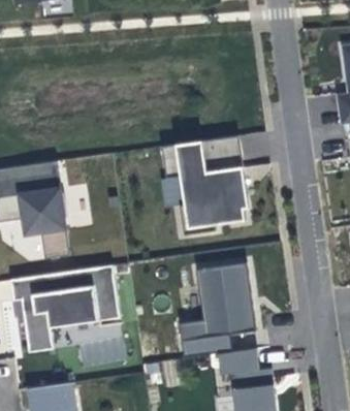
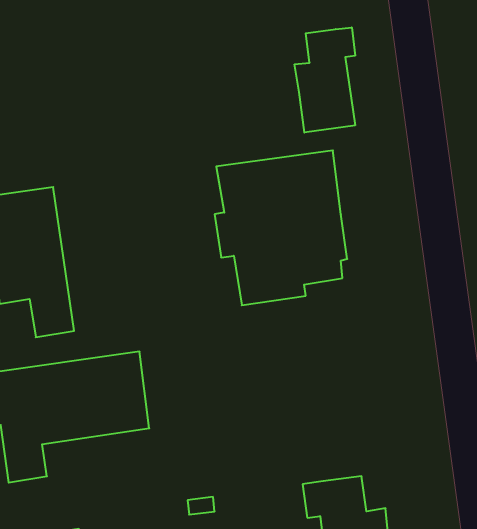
building: none -> [295,27,355,133]
building: [180,264,255,357] -> none

